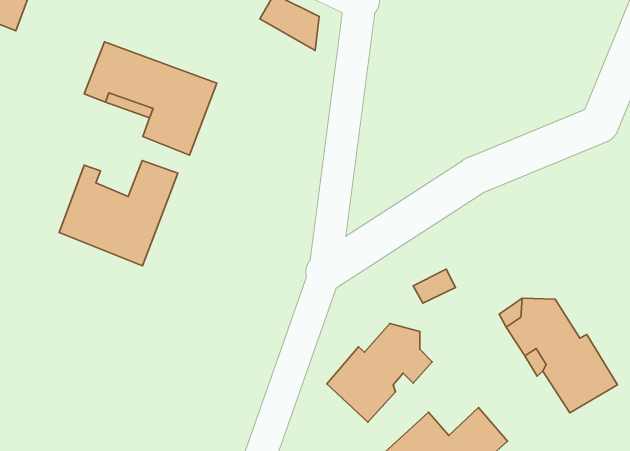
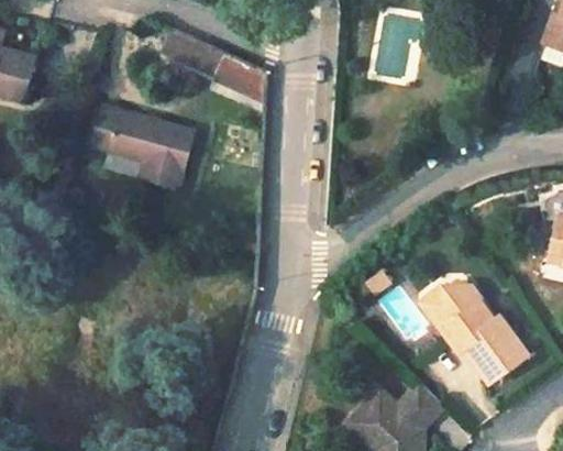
building: [59,161,178,266] -> none
building: [327,324,432,422] -> none

